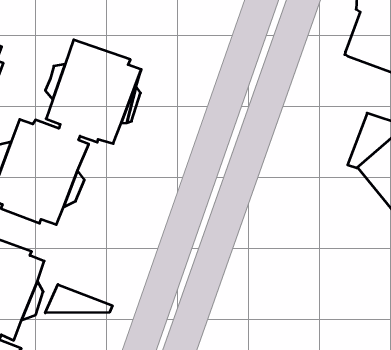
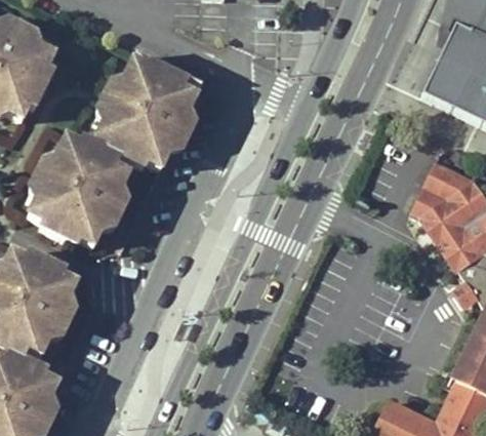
building: [45,284,112,313] -> none

